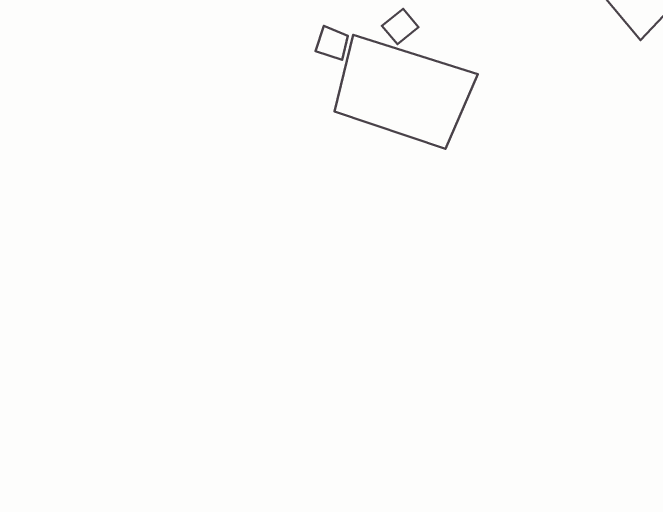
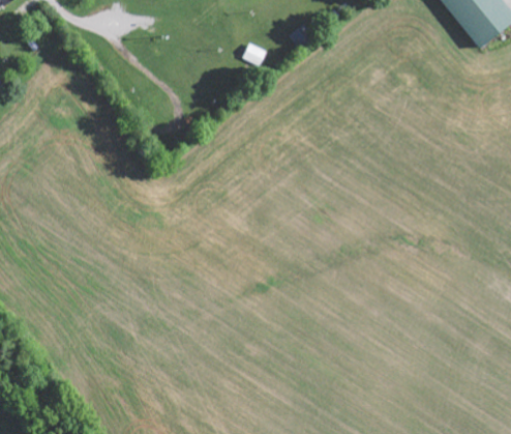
building: [334,35,478,149] -> none

